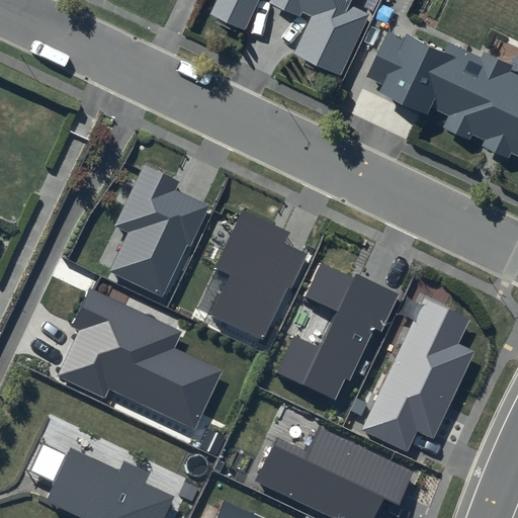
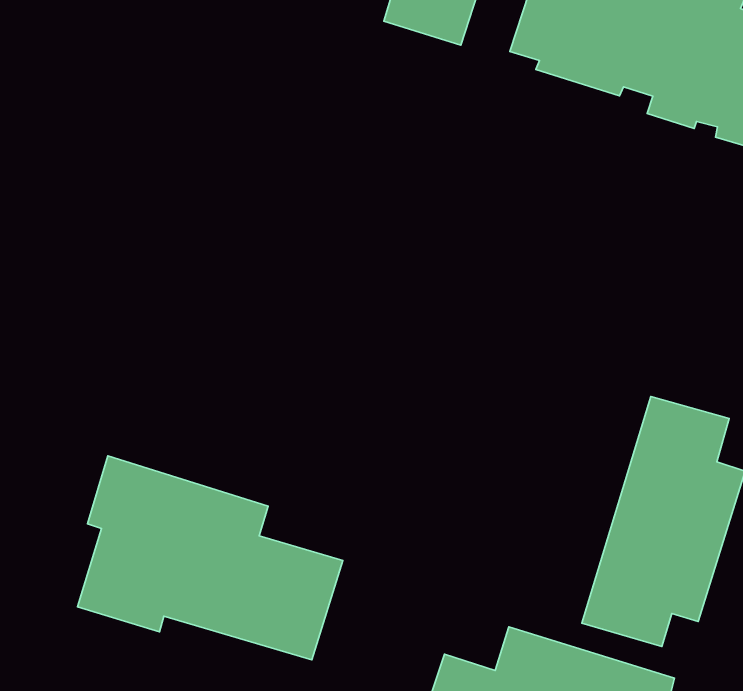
building: [109,166,209,297] -> none
building: [211,211,306,342] -> none
building: [276,264,399,401] -> none

